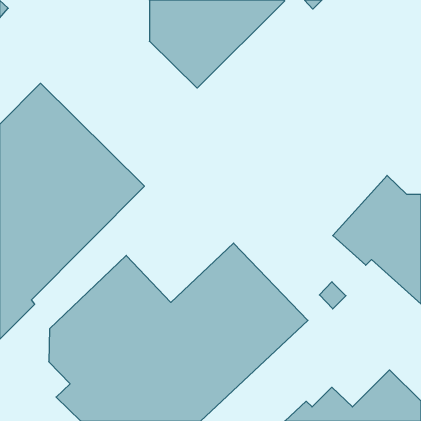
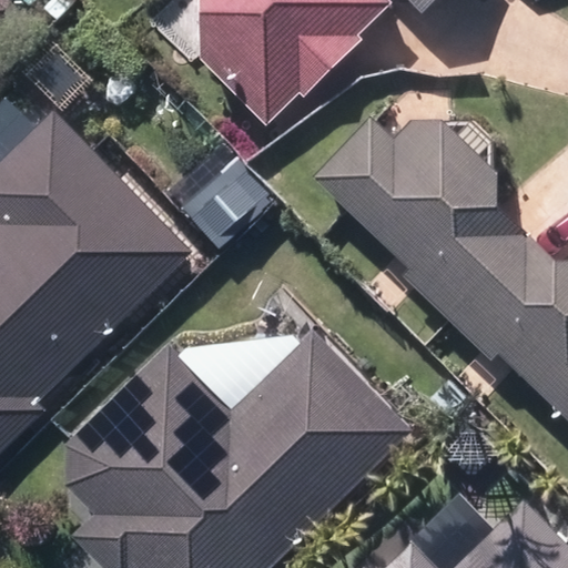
building: none -> [315,121,520,317]

